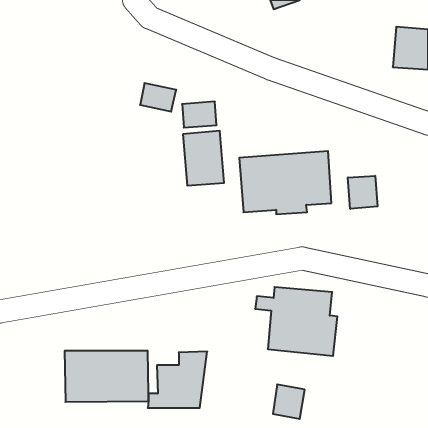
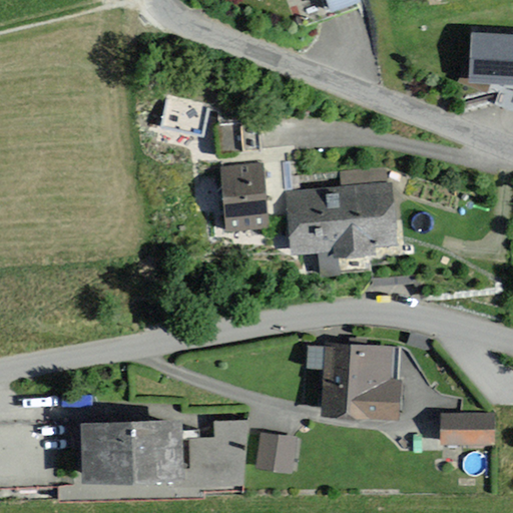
building: [348,176,378,209] -> none
building: none -> [444,418,495,450]
building: [273,384,305,419] -> [262,433,300,474]

